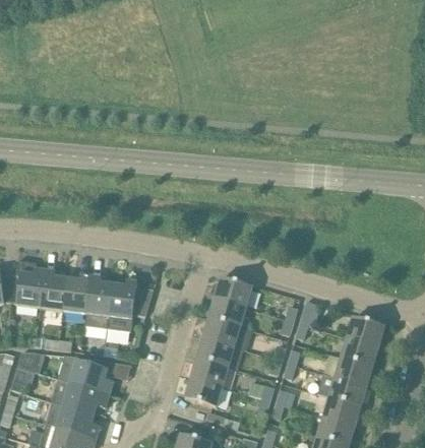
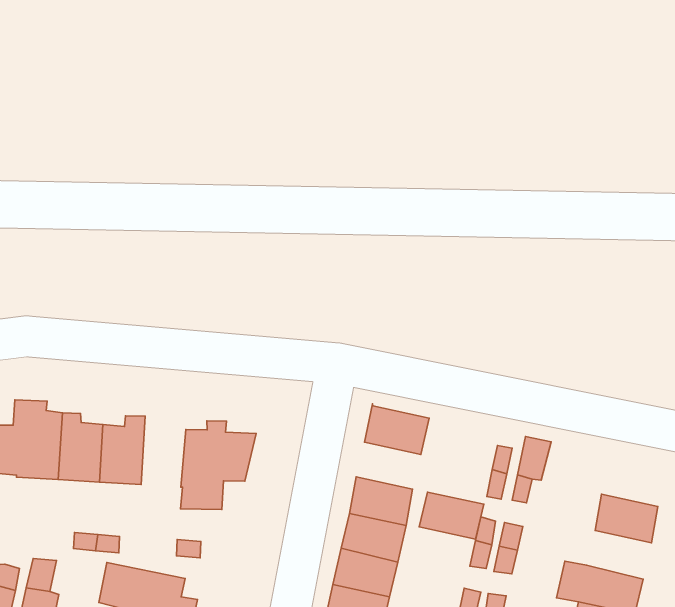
building: [84,275,113,329] -> none
building: [207,299,245,327] -> [419,492,484,539]
building: [346,317,383,346] -> none
building: [335,358,372,387] -> none

